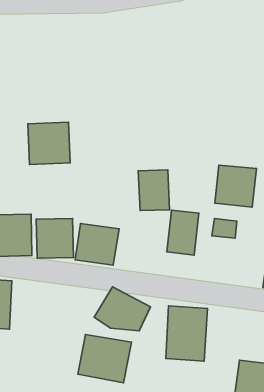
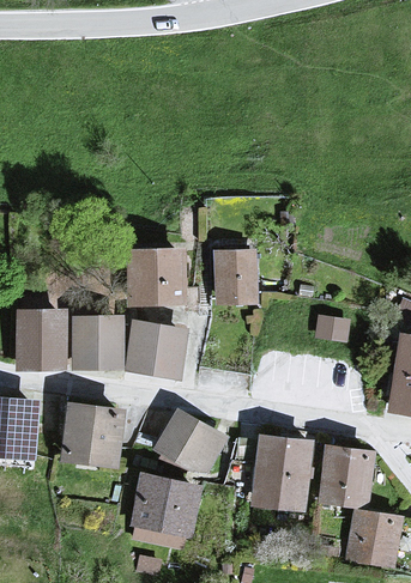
building: [28,122,70,165] -> [125,248,183,306]
building: [215,165,257,207] -> none
building: [167,210,199,255] -> none
building: none -> [61,402,125,466]
building: none -> [320,448,373,509]

